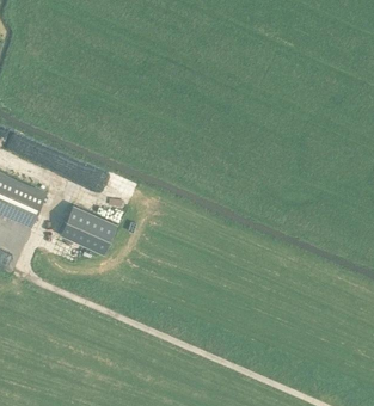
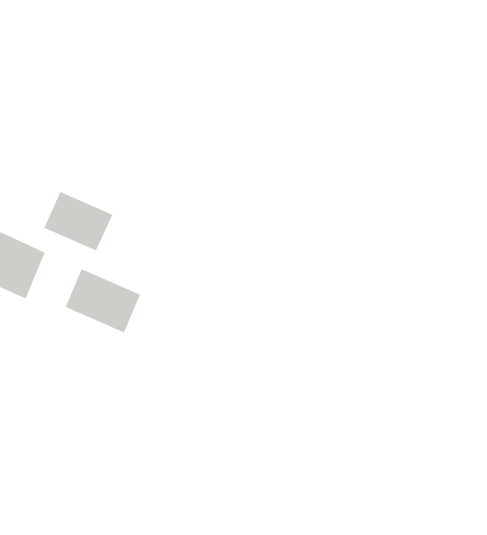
building: none -> [43,191,113,251]

